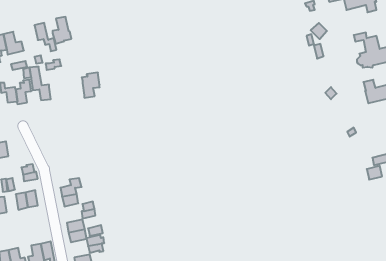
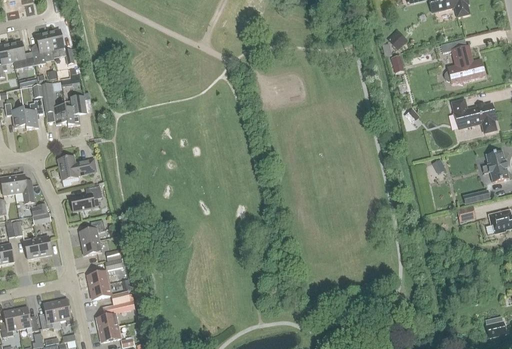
building: [53,17,71,44] -> [31,32,54,65]
building: [82,73,100,98] -> [64,95,86,126]
building: none -> [57,156,96,180]
building: none -> [12,174,34,203]
building: none -> [70,185,102,211]

